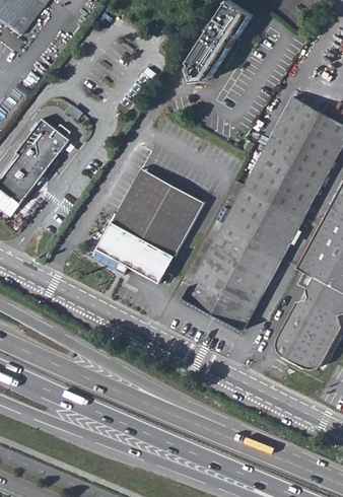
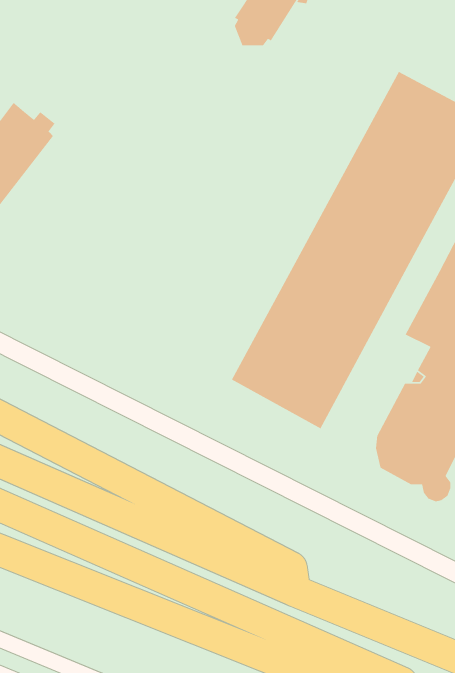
building: [96,167,202,282] -> none

